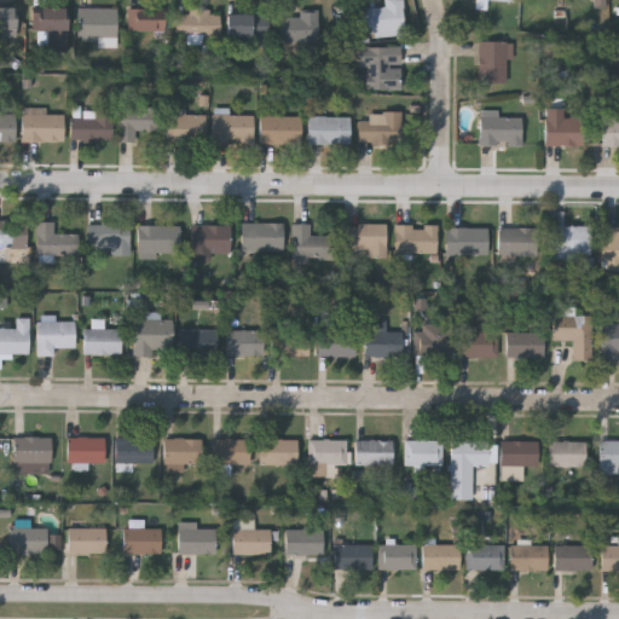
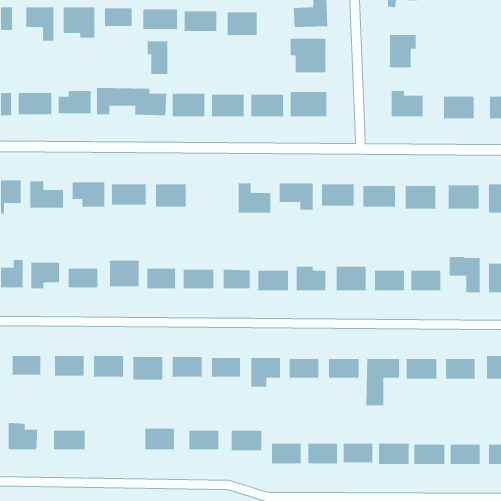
building: none -> [147,40,168,75]
building: [242,224,284,253] -> none
building: [125,530,162,554] -> none

